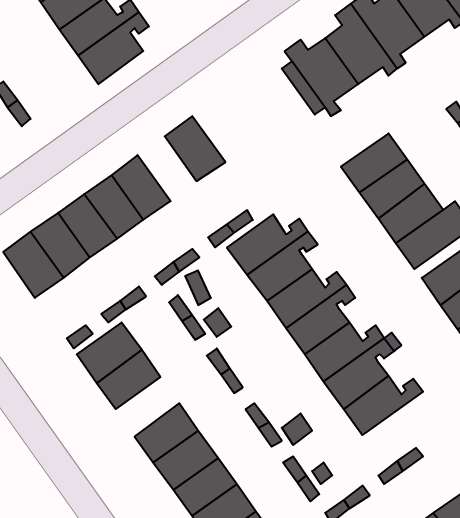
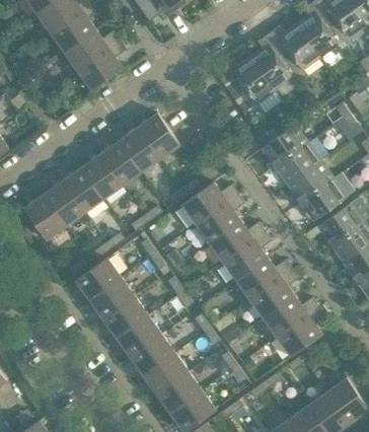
building: none -> [119,127,160,172]
building: none -> [103,296,148,338]
building: none -> [277,306,325,356]

